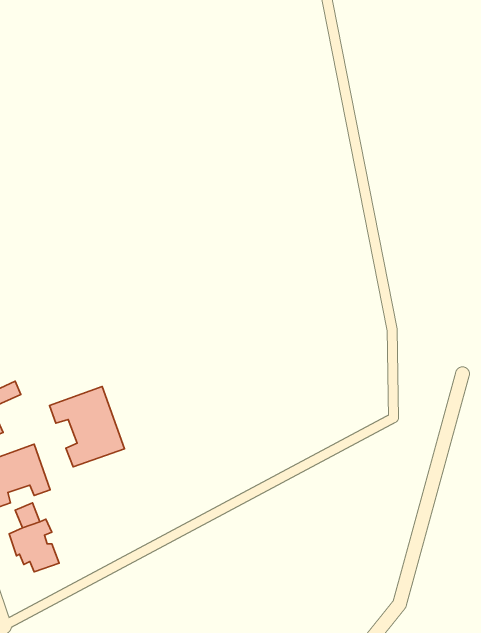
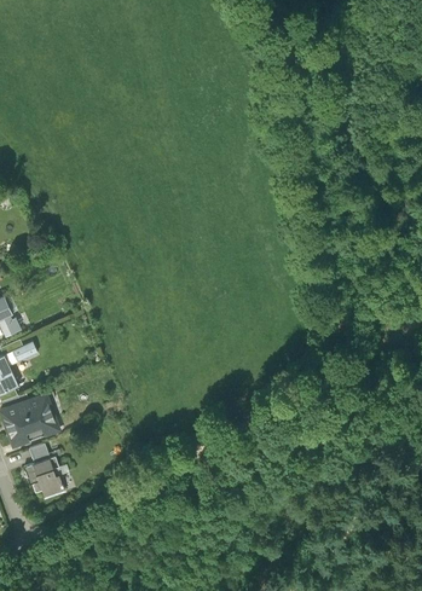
building: [49,386,125,467] -> none

